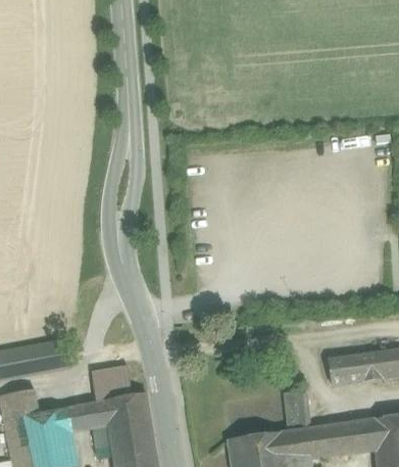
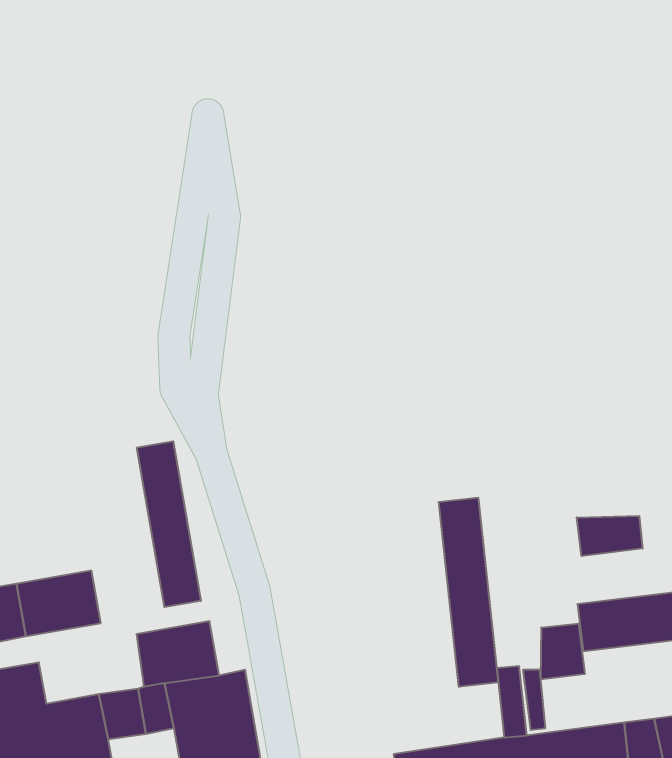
building: none -> [137,441,201,607]
building: none -> [439,498,498,687]
building: none -> [577,516,643,556]
building: none -> [541,623,585,679]

